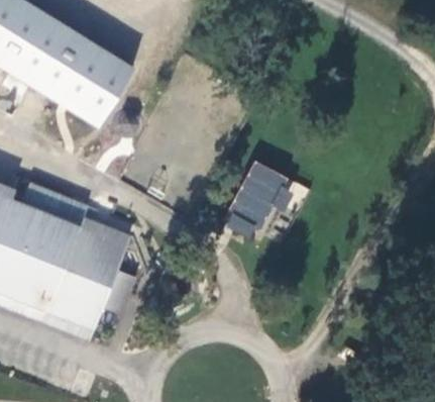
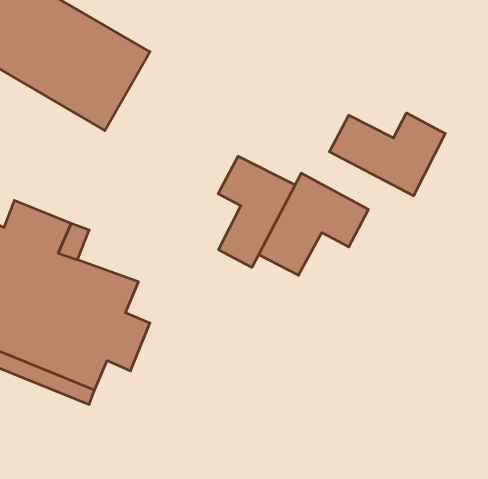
building: none -> [329,113,445,196]
building: none -> [218,156,295,267]

